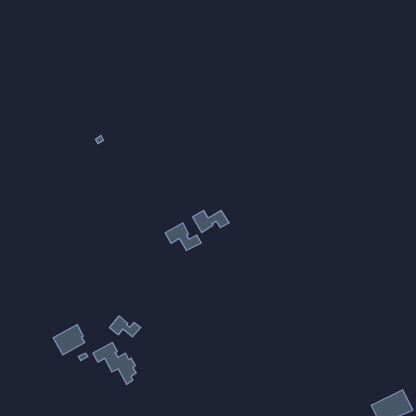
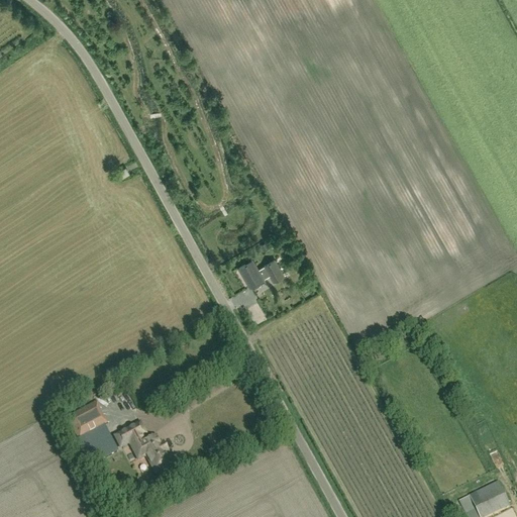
building: [165,223,201,251] -> none
building: [110,316,141,337] -> none

